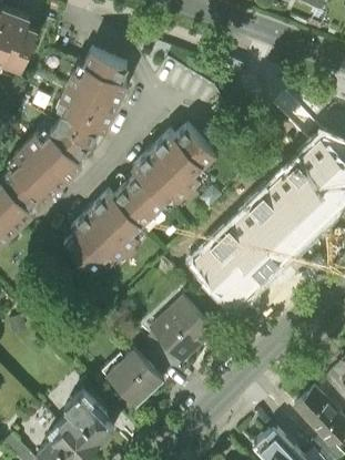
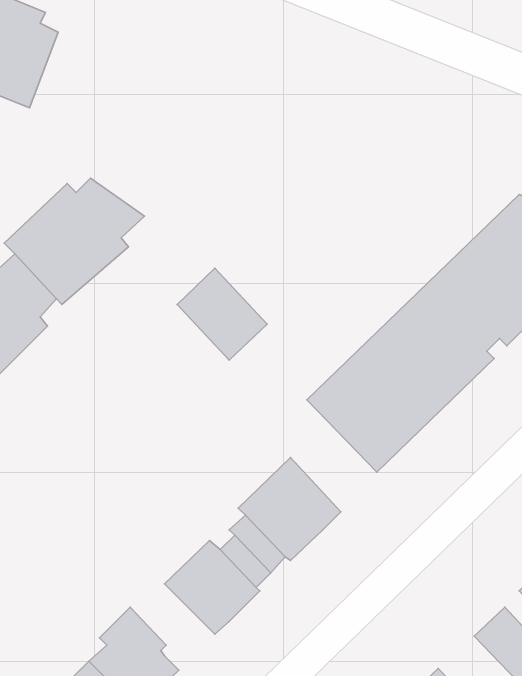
building: [55,50,129,146] -> none
building: [131,133,215,213] -> none
building: [63,196,144,280] -> none

